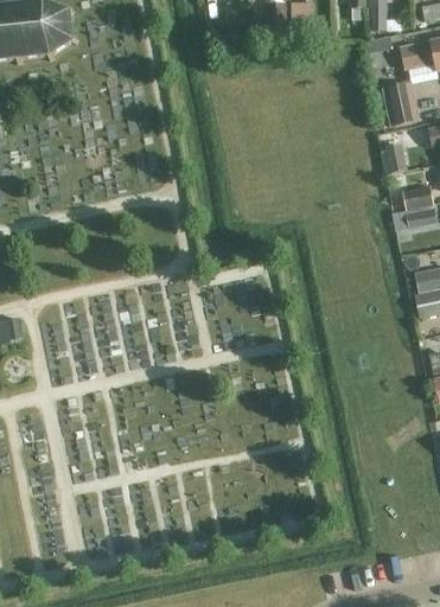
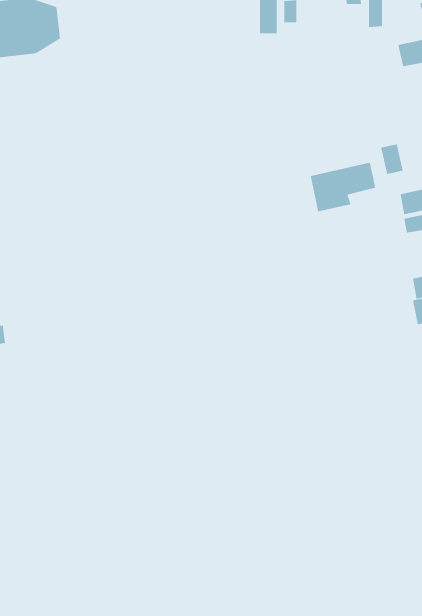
building: [382,81,417,124] -> none
building: none -> [310,162,376,212]

